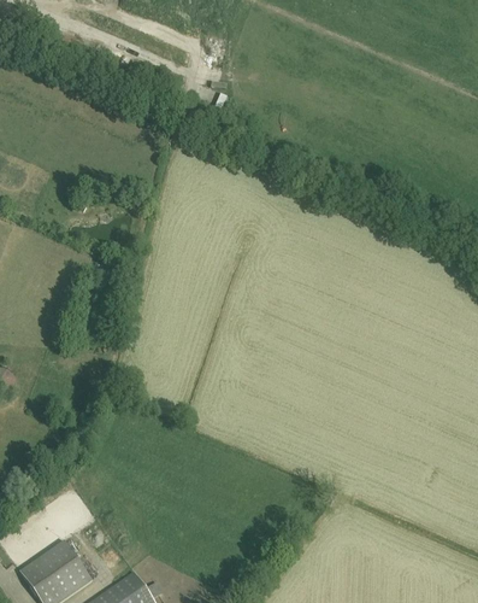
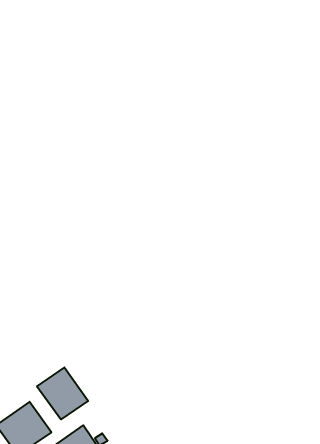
building: none -> [37,367,88,419]

